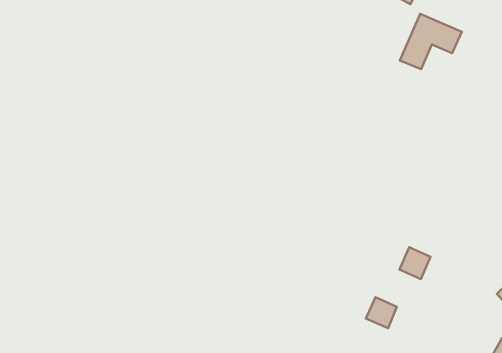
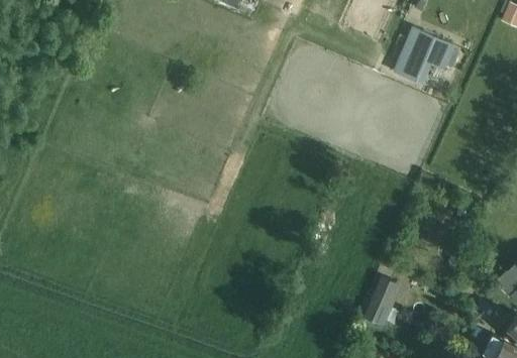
building: [400,247,430,279] -> [373,275,402,306]

